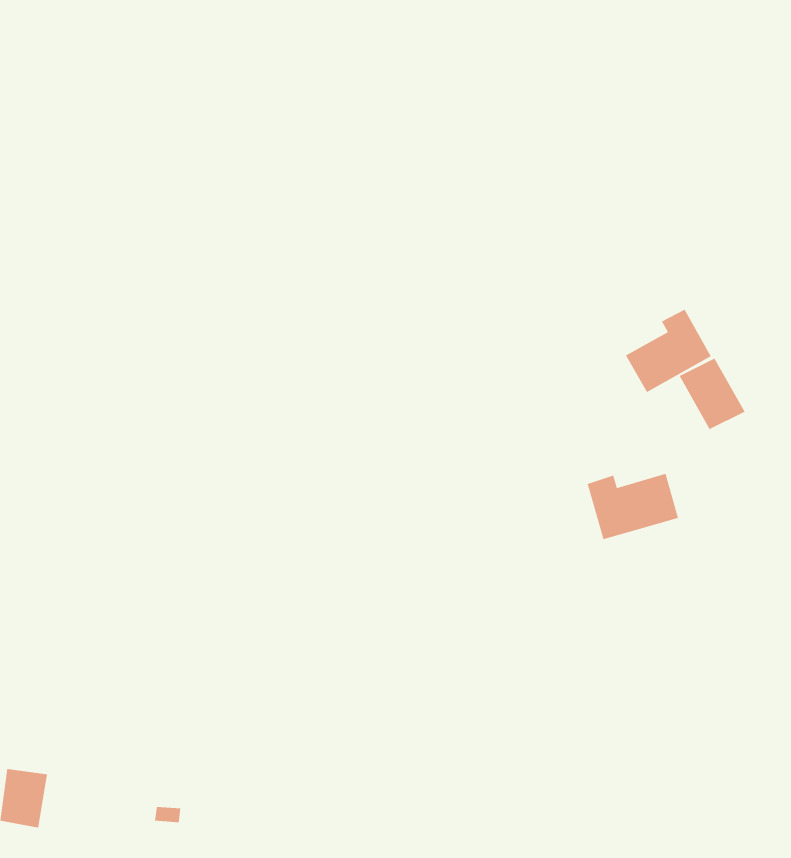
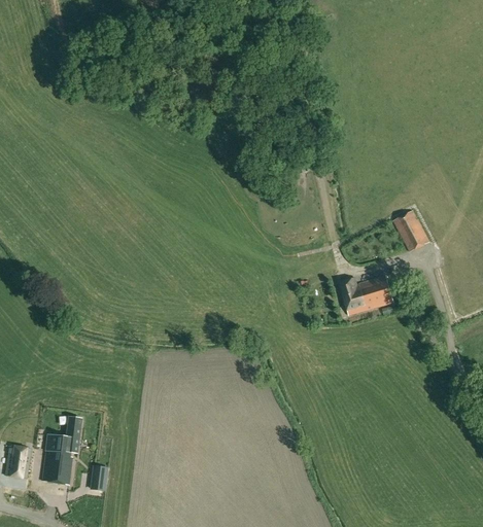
building: [625,309,711,393] -> none
building: none -> [41,417,80,484]

